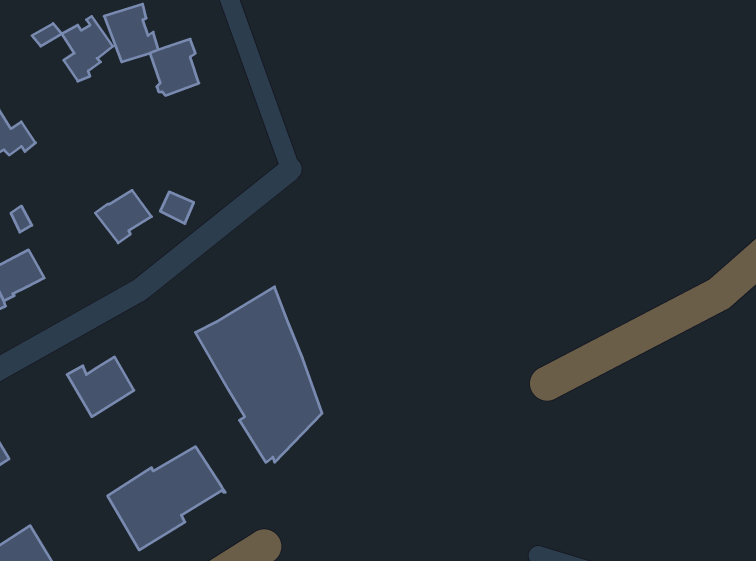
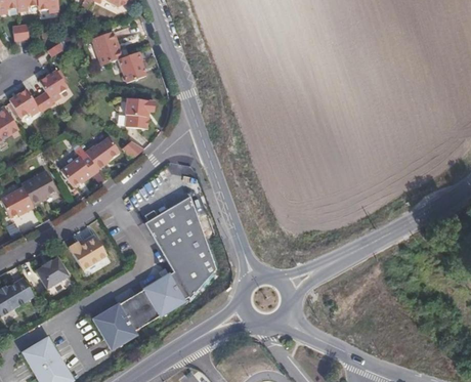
building: [62,16,113,81] -> [41,73,71,111]
building: none -> [123,97,153,127]
building: none -> [60,152,99,186]
building: none -> [36,258,69,289]
building: none -> [142,271,186,314]

